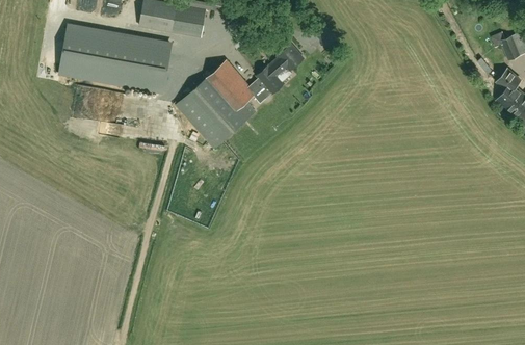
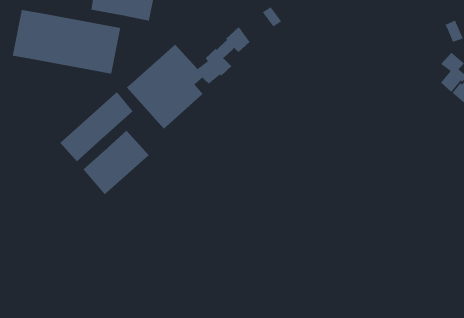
building: none -> [59,91,133,162]
building: none -> [82,130,149,195]

